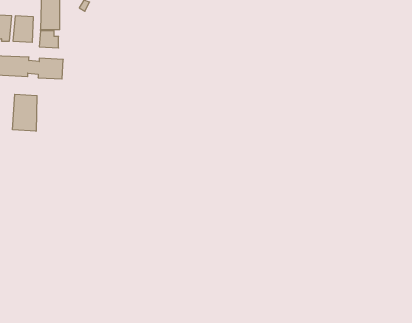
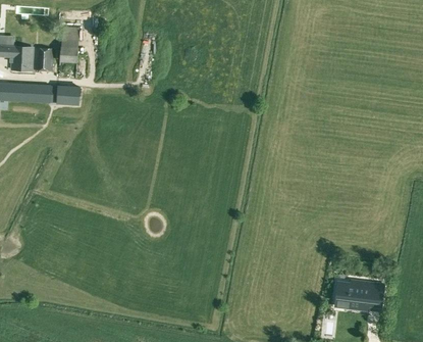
building: [13,94,37,131] -> none
building: none -> [337,281,386,310]

